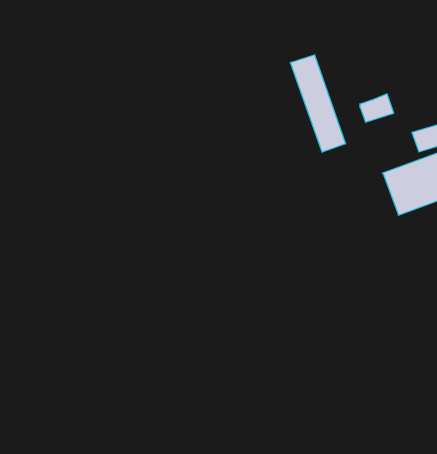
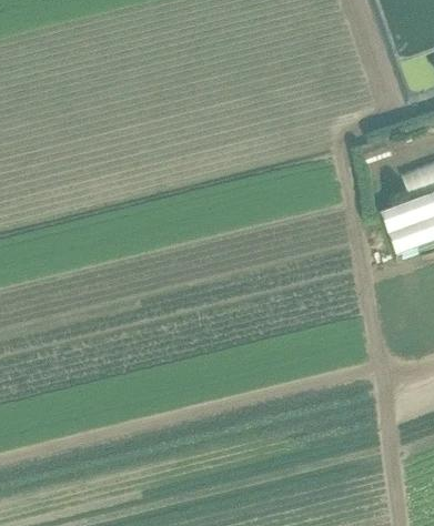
building: [290,55,346,152] -> none

